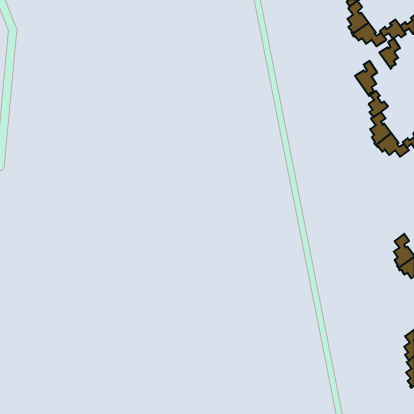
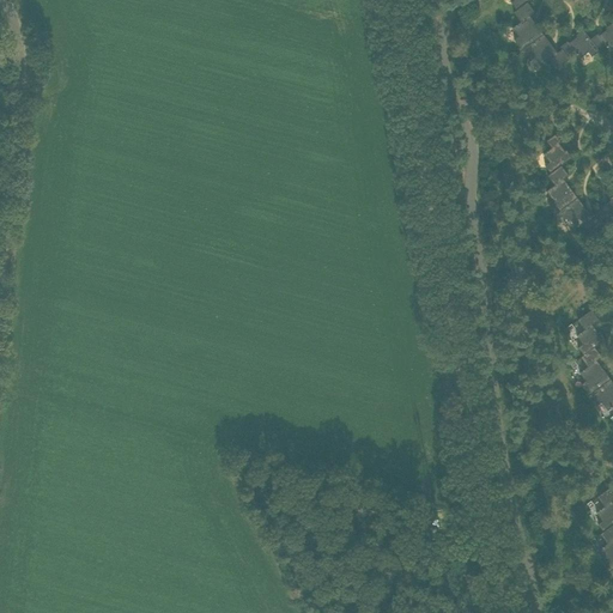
building: [379,38,400,69] -> none
building: [355,61,377,96] -> none
building: none -> [576,309,606,356]

